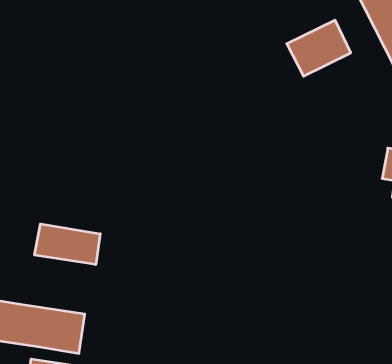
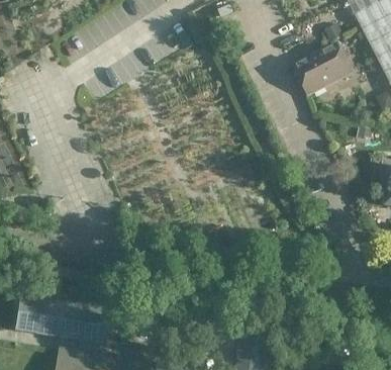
building: [35,224,100,265] -> none

